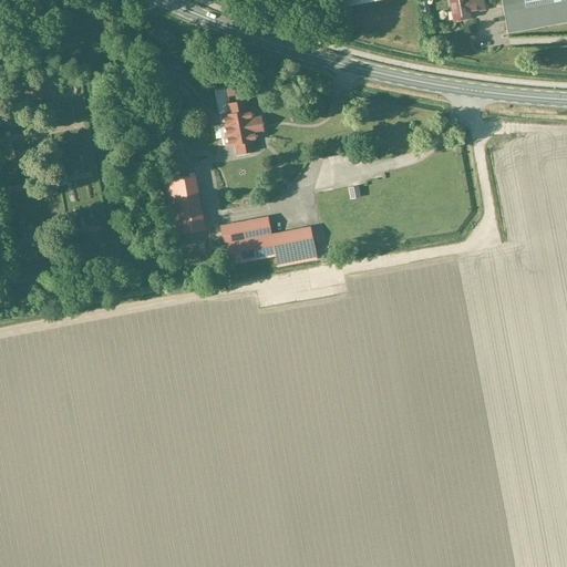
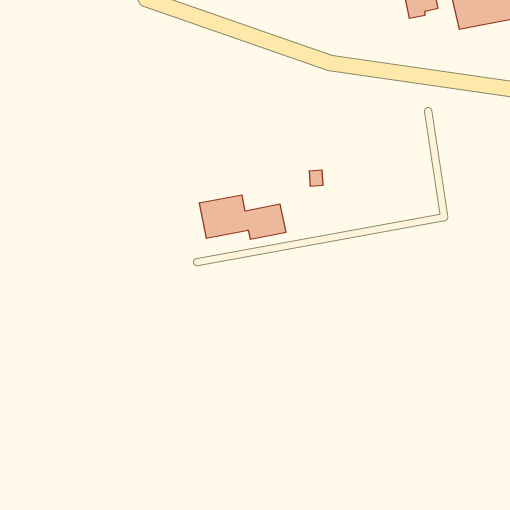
building: [225,101,259,153] -> none
building: [165,174,206,235] -> none

